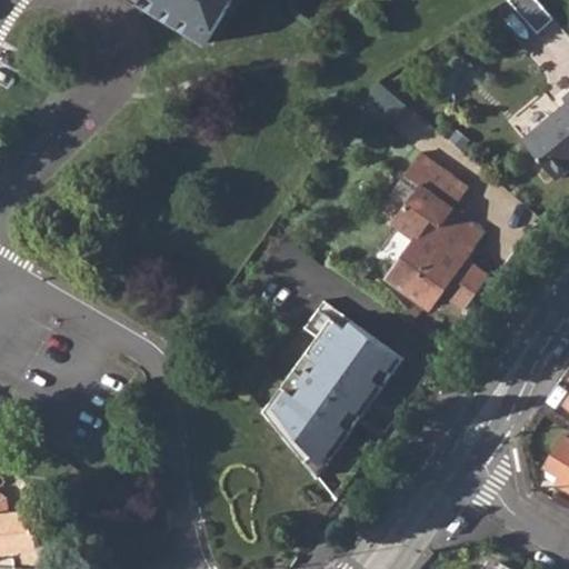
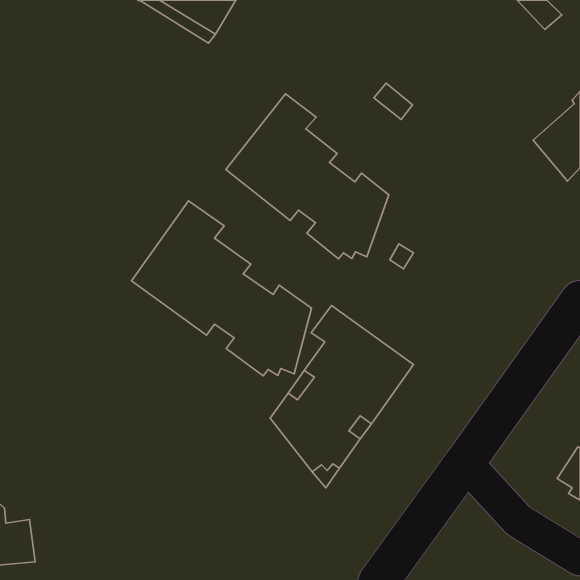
building: none -> [226,94,389,259]
building: [387,152,488,309] -> none
building: none -> [131,201,312,376]

